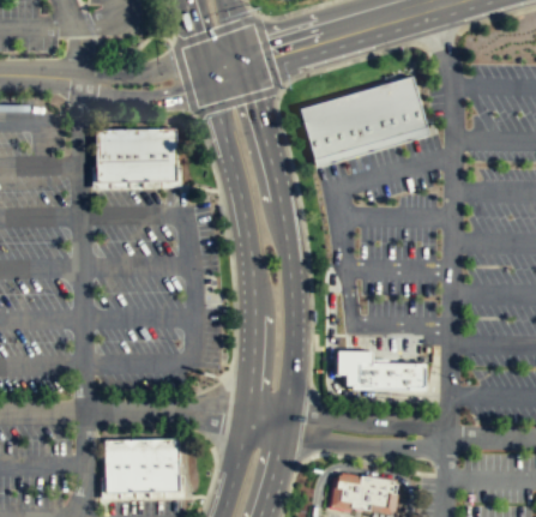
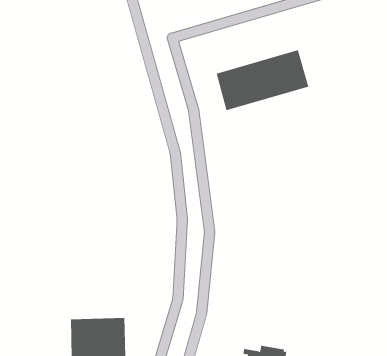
building: [95,128,177,184] -> none
building: [338,353,426,391] -> none

